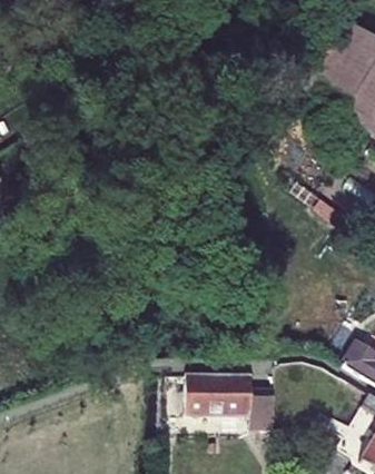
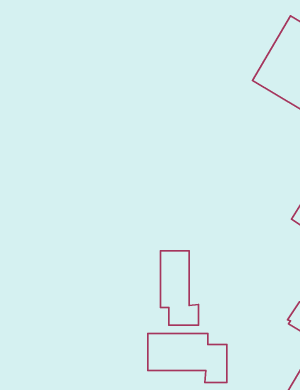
building: none -> [160,251,198,325]

